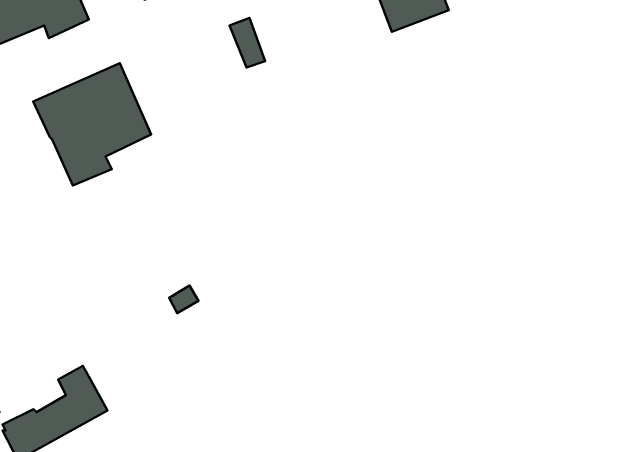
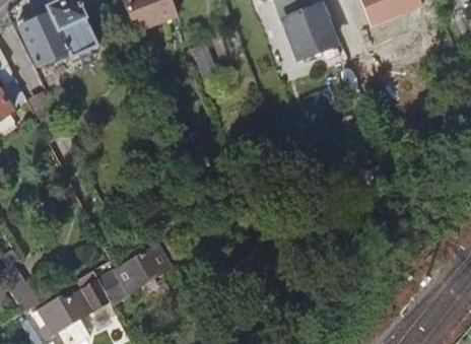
building: [33,63,151,185] -> none
building: none -> [98,251,171,305]

